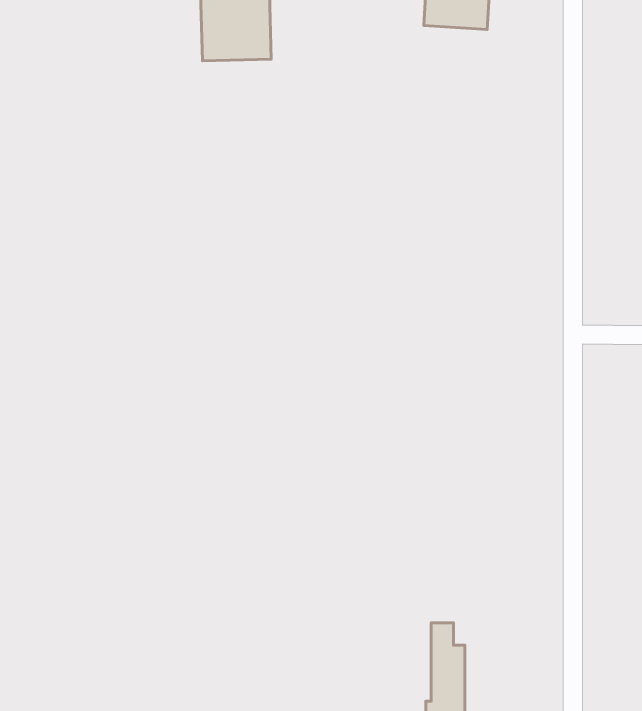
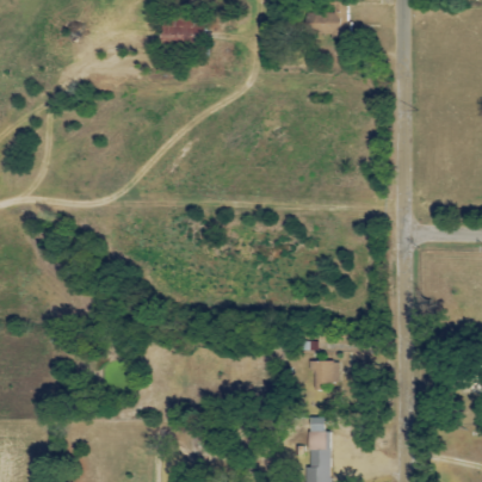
building: none -> [311,362,336,388]

